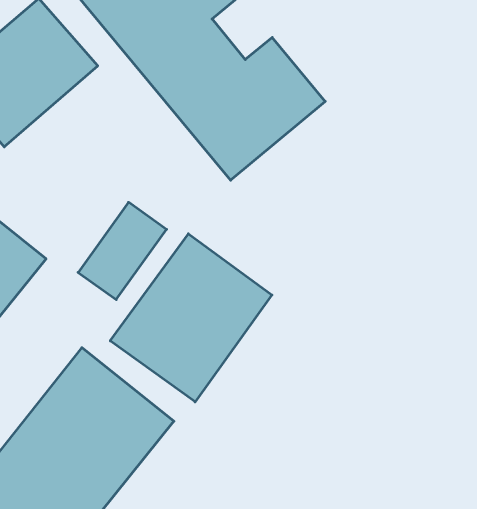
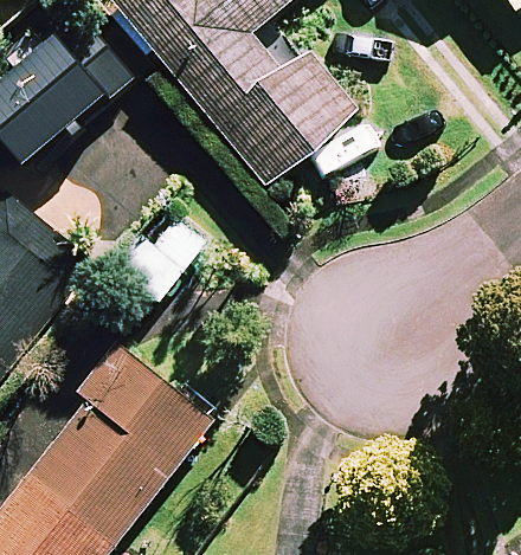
building: [110,234,272,402] -> none

